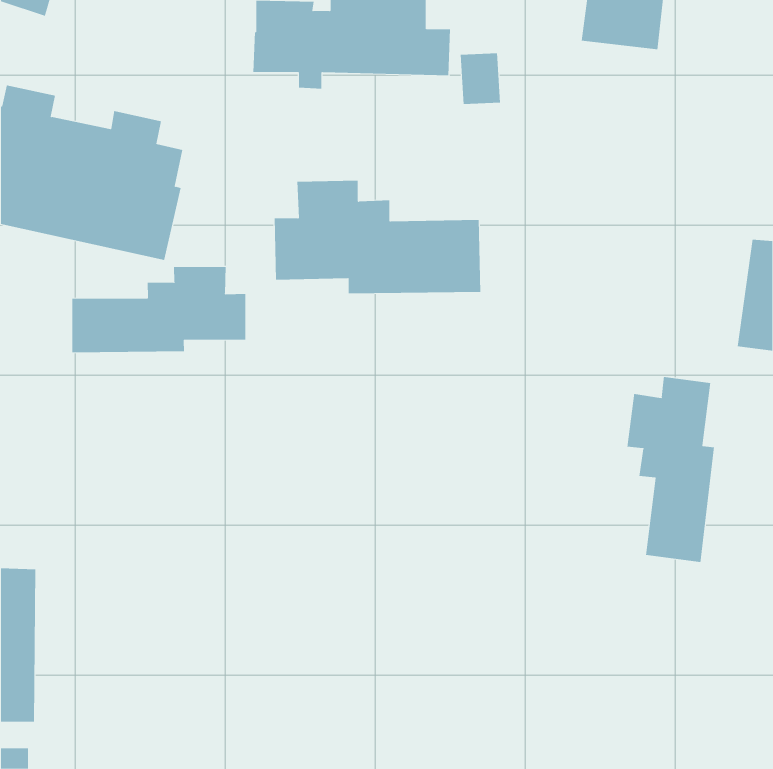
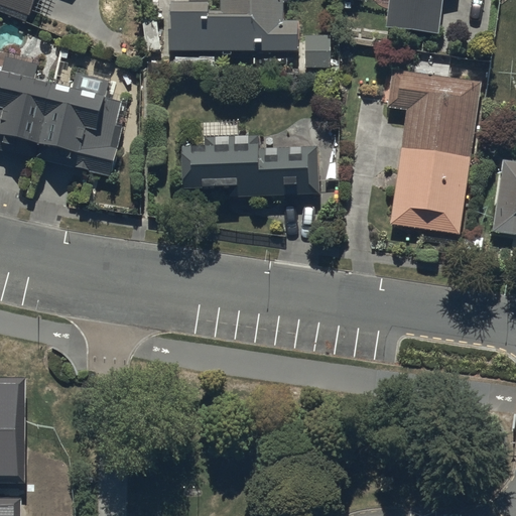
building: none -> [389,70,481,232]
building: [72,266,246,353] -> none
building: [627,376,714,563] -> none

